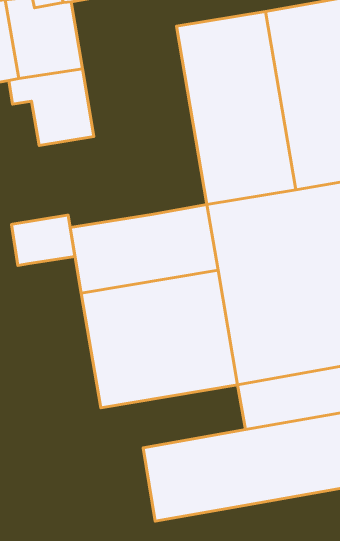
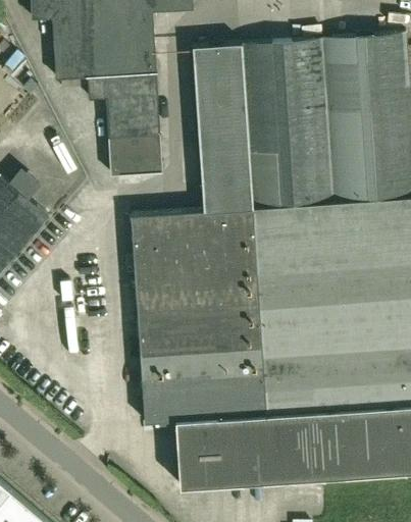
building: none -> [193,43,255,210]
building: [12,215,75,266] -> [108,135,162,175]
building: none -> [141,371,269,421]

